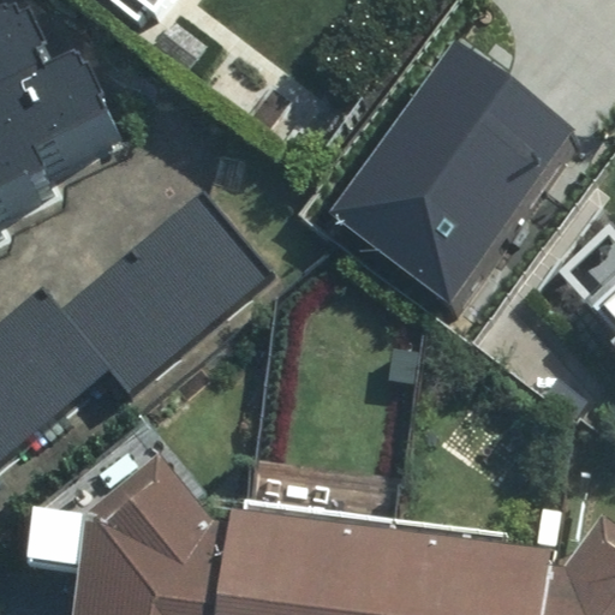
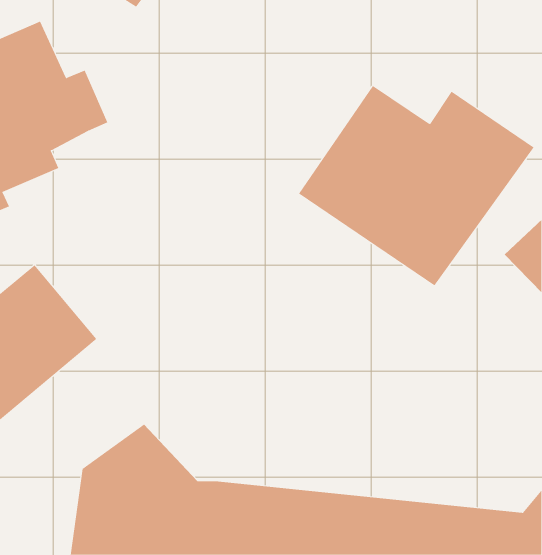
building: [67,196,259,380] -> none

